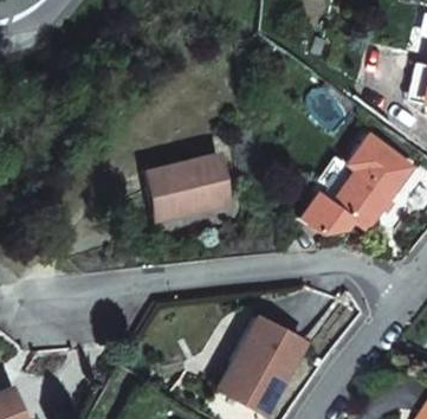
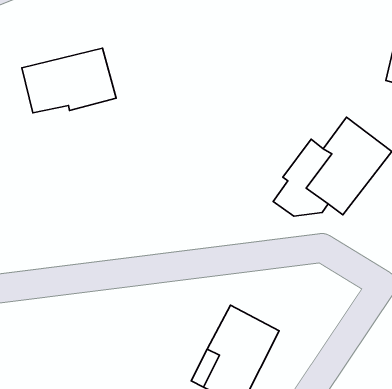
building: [141,154,232,217] -> [22,48,116,113]

